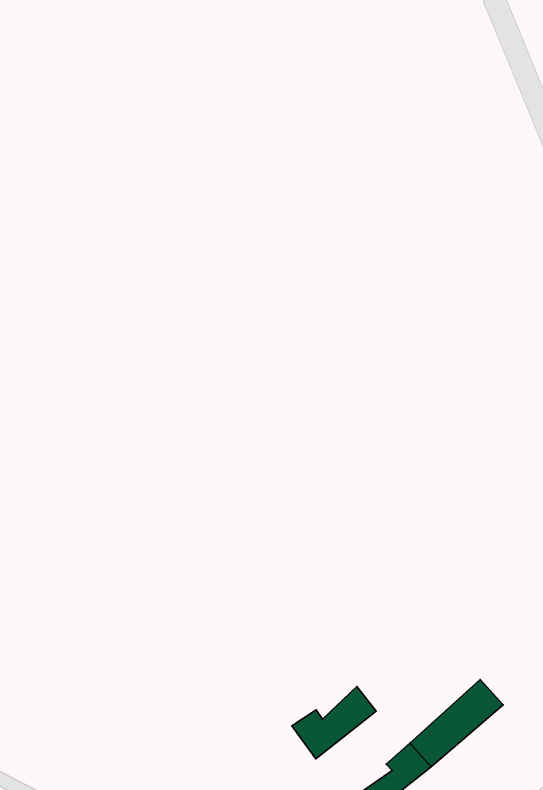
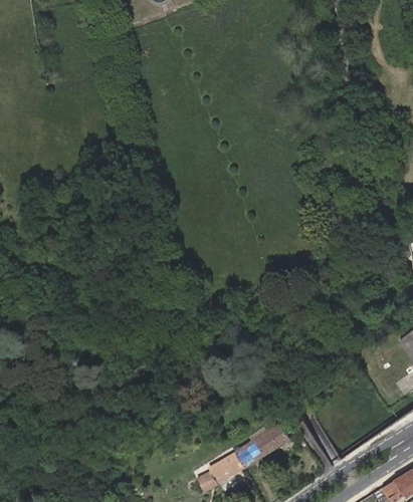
building: [292,687,376,759] -> none

